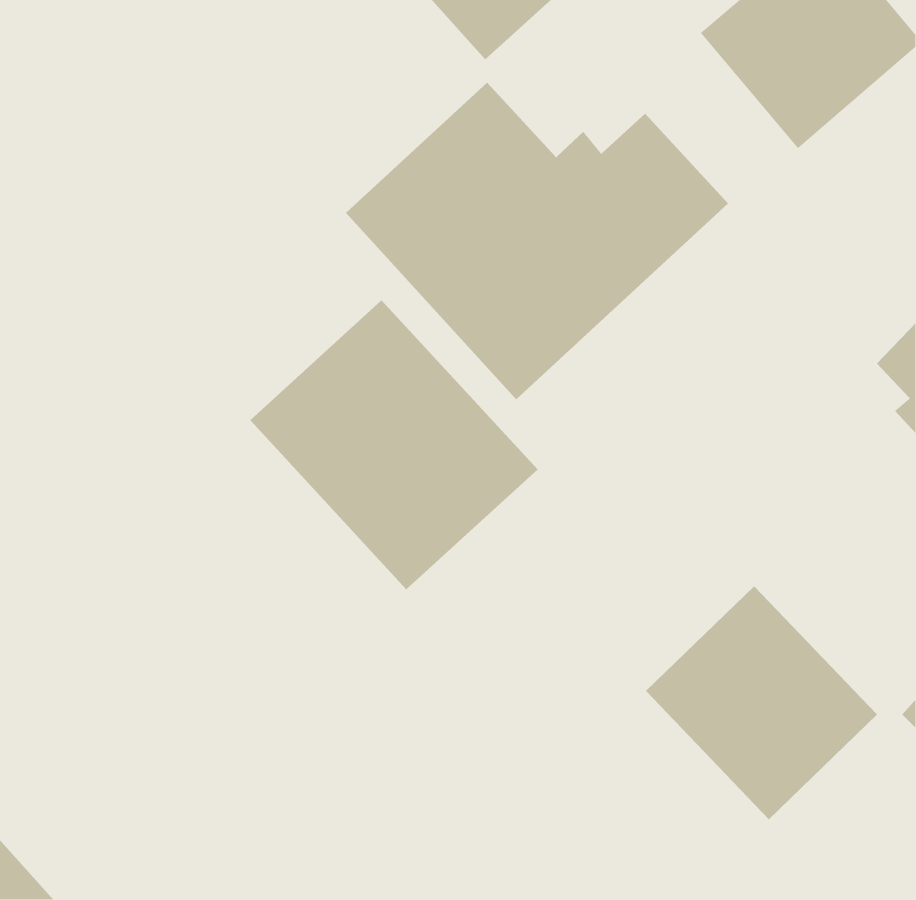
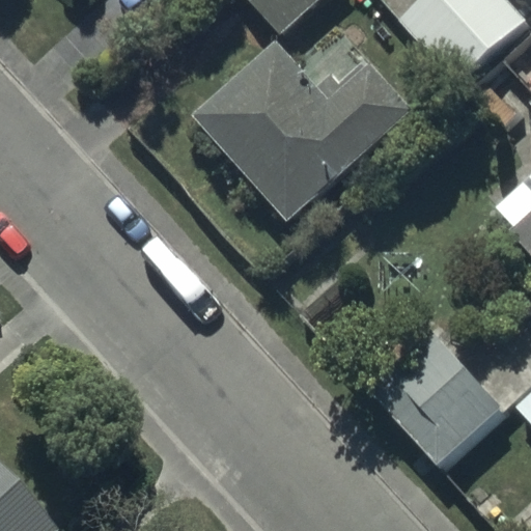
building: [249,299,538,590] -> none

